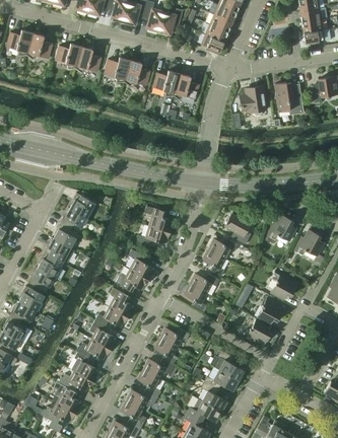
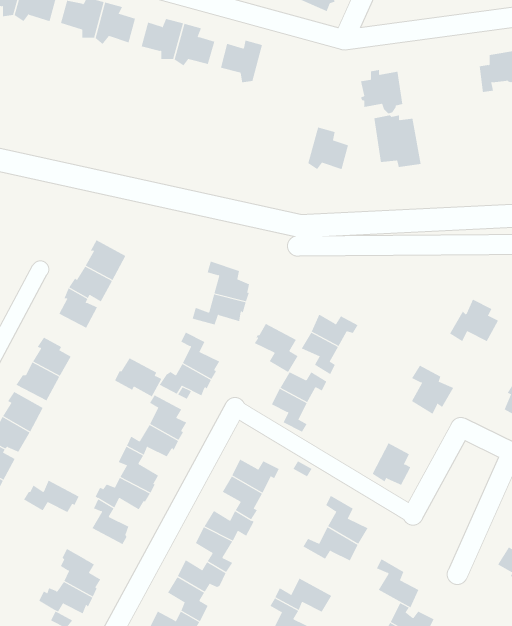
building: [174,73,199,99] -> [308,127,349,170]
building: [275,82,305,115] -> [374,115,421,168]
building: [224,214,252,244] -> [254,323,298,373]
building: [265,214,296,243] -> none
building: [45,238,74,263] -> [114,358,162,397]
building: [257,298,283,324] -> none
building: [59,370,93,390] -> [23,480,79,513]
building: [201,381,227,412] -> [376,559,419,608]

